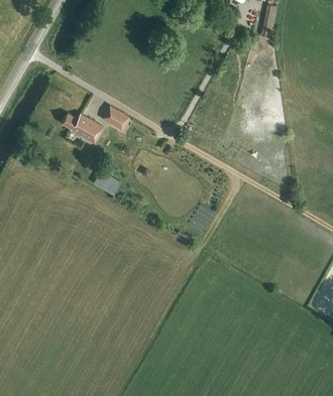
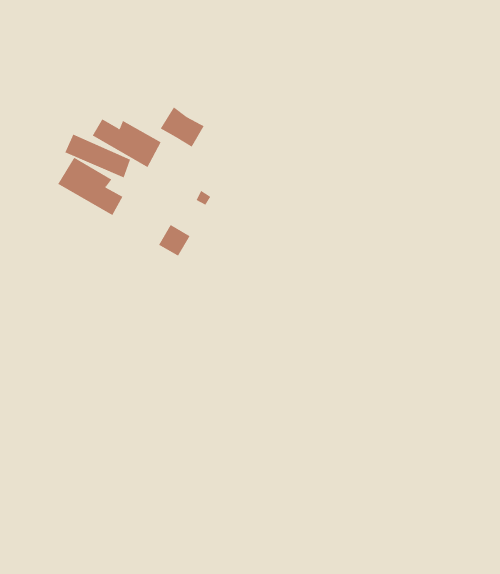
building: none -> [57,157,123,216]

